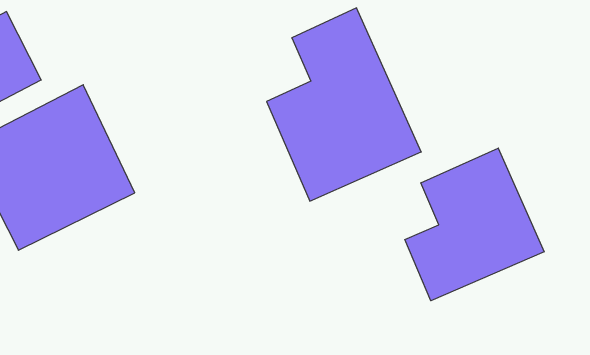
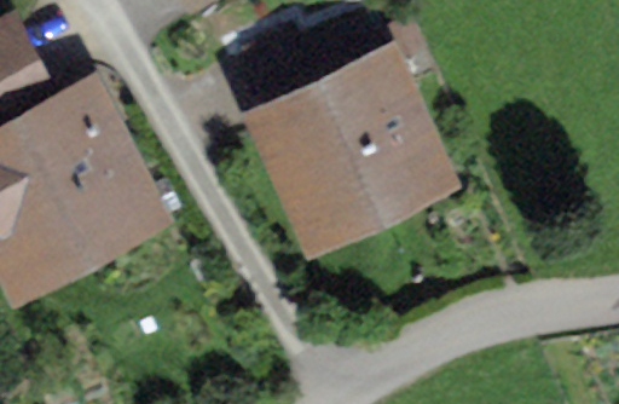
building: [405,148,544,301] -> none

